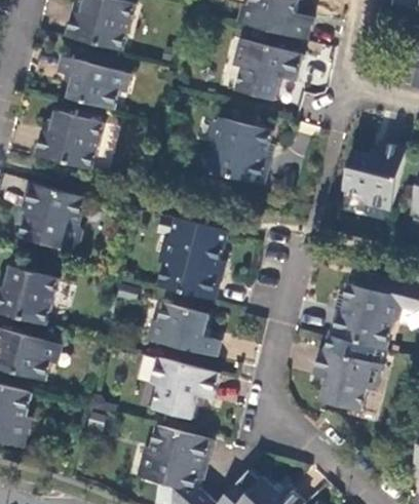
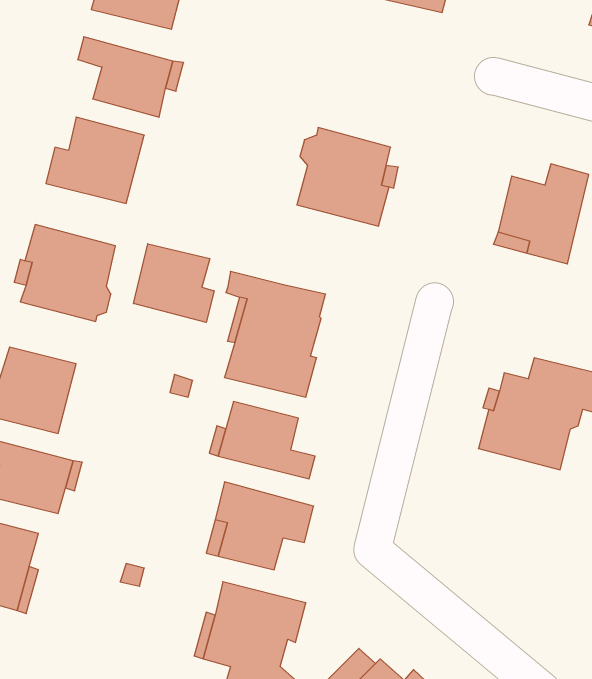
building: [234,40,302,100] -> none
building: none -> [134,244,214,322]
building: [314,336,385,412] -> none

